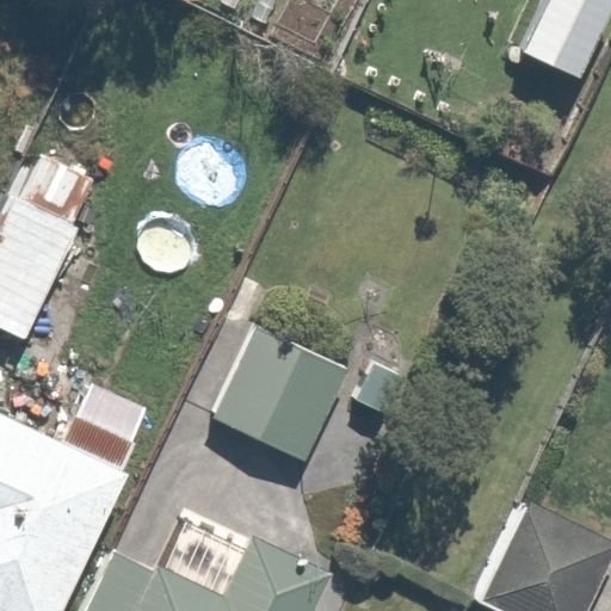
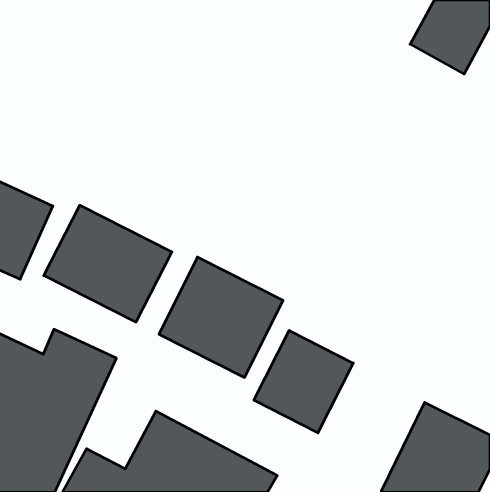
building: none -> [44,205,172,322]
building: none -> [254,330,353,433]

